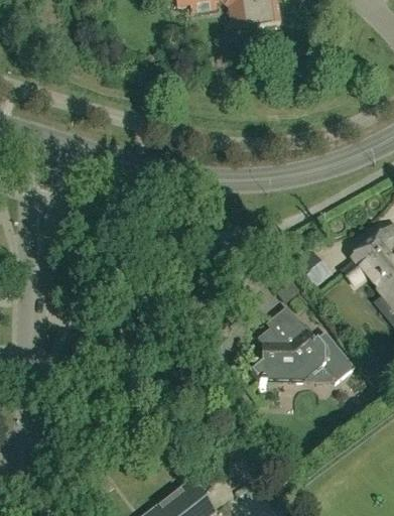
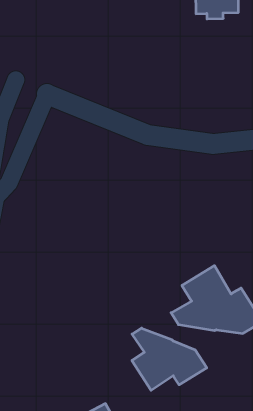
building: none -> [132,328,207,390]

